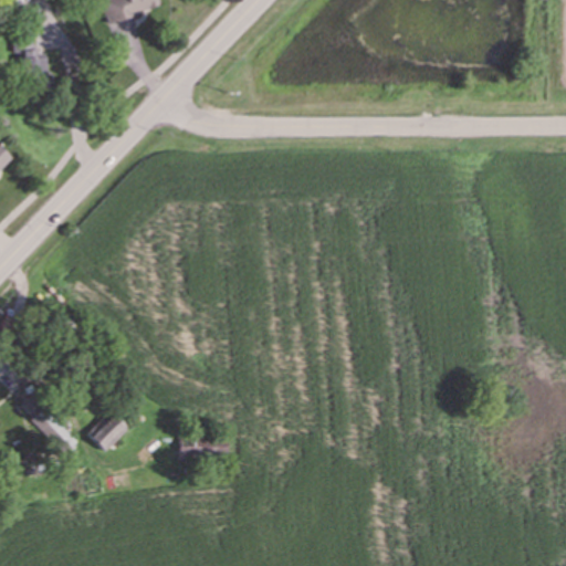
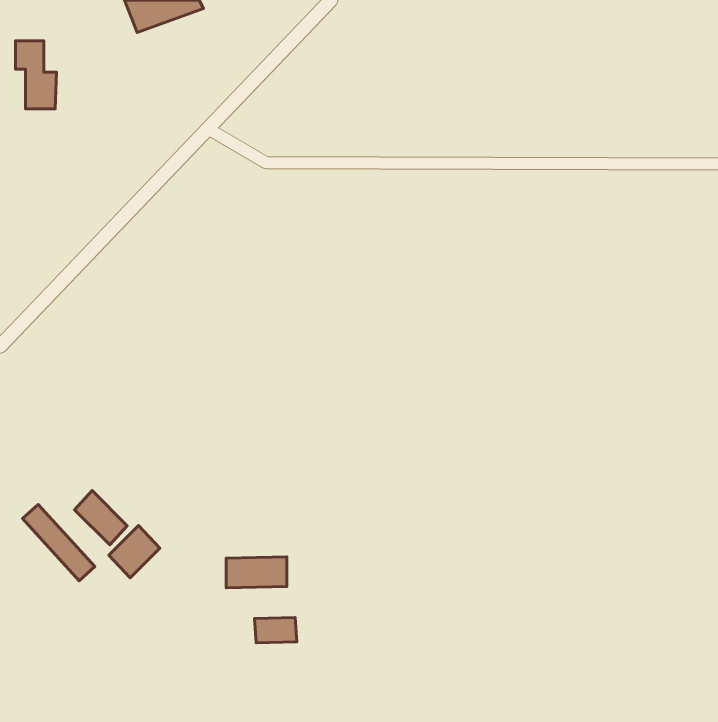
building: none -> [75,491,127,545]
building: none -> [255,617,297,643]

